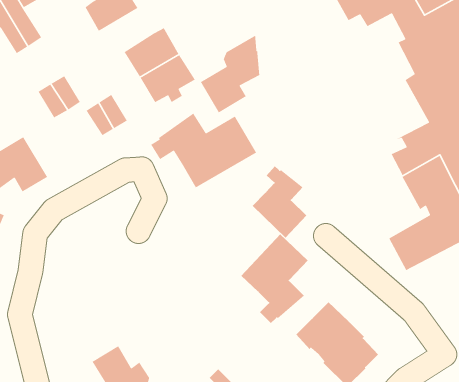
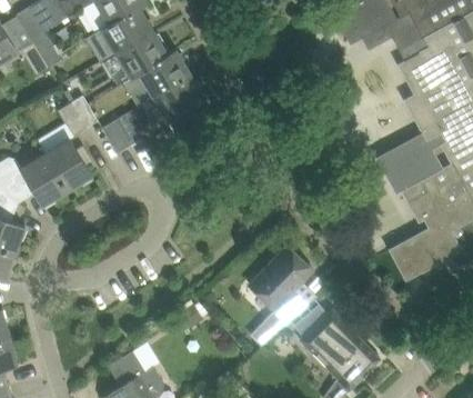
building: none -> [113,31,165,78]
building: [200,34,260,113] -> none
building: [150,112,257,189] -> none
building: none -> [42,138,91,191]
building: [252,166,307,238] -> none

